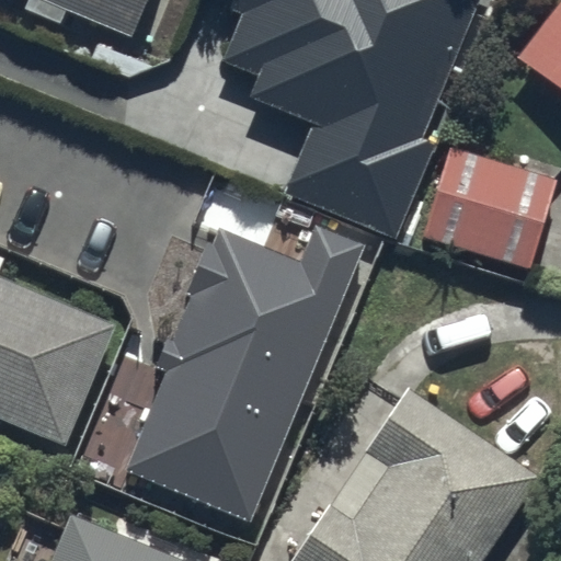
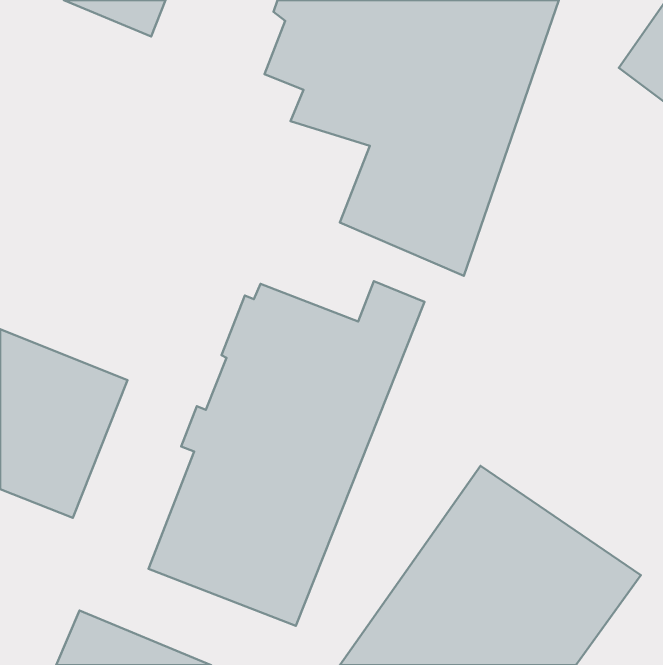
building: [420,142,556,267] -> none

